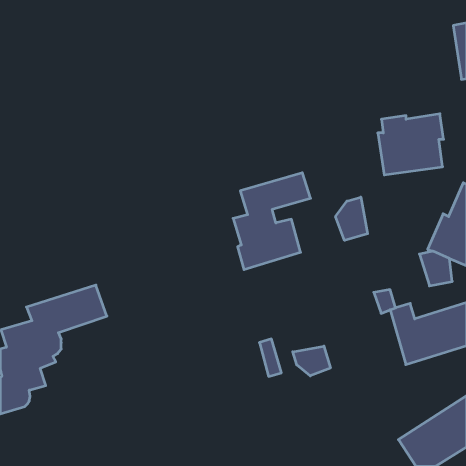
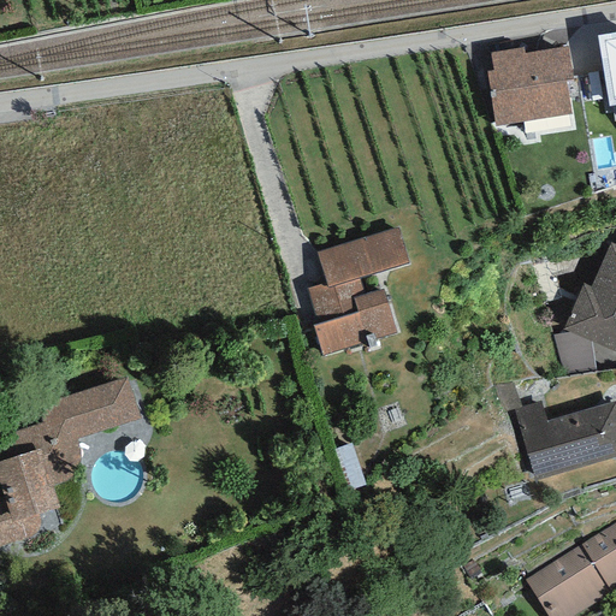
building: [378,114,444,175] -> [487,45,574,125]
building: [336,197,368,240] -> none
building: [293,346,330,376] -> none

